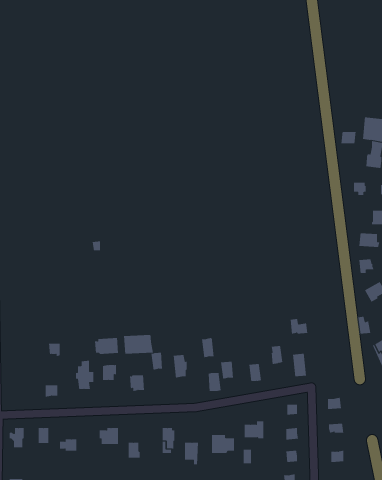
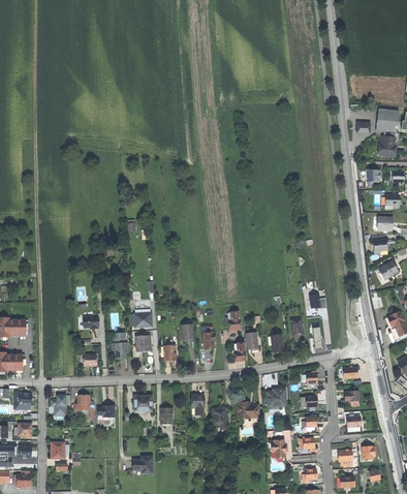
building: [124,334,153,355] -> none

